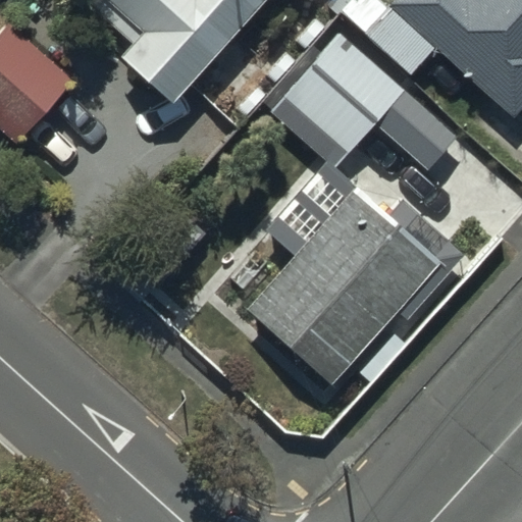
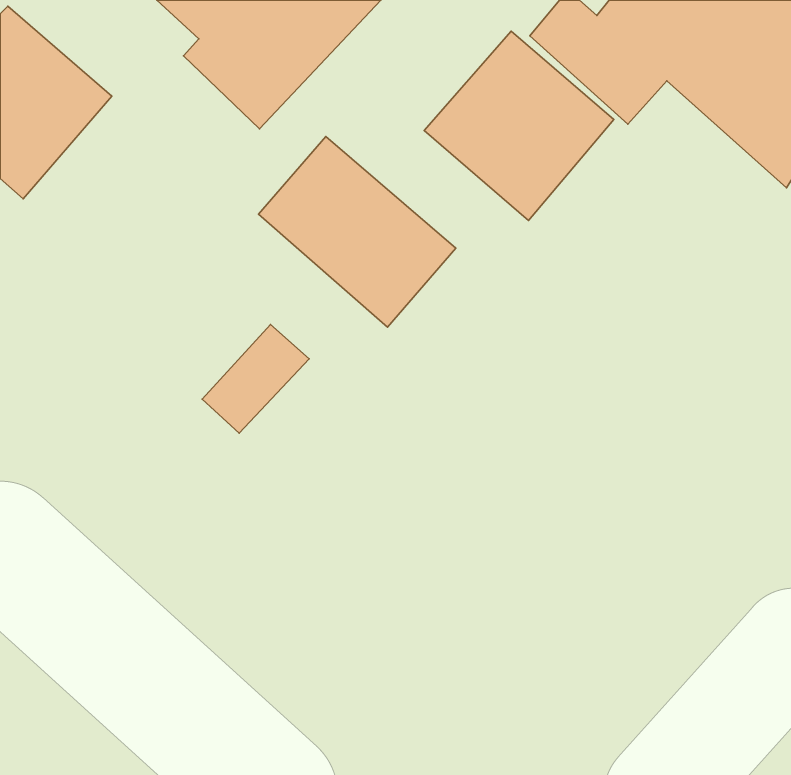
building: none -> [259,137,456,327]
building: [251,173,442,379] -> none

